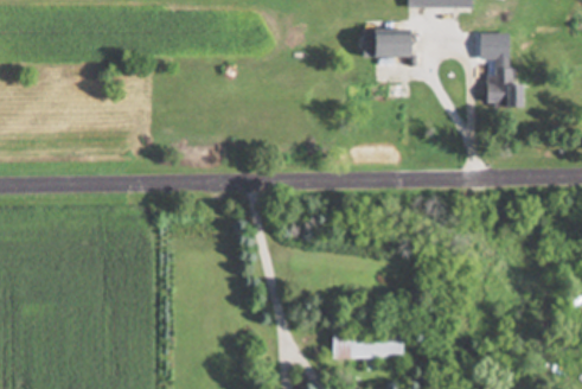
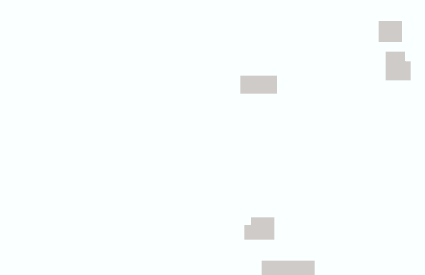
building: [362,33,409,57] -> [239,75,278,94]
building: none -> [244,217,275,241]

